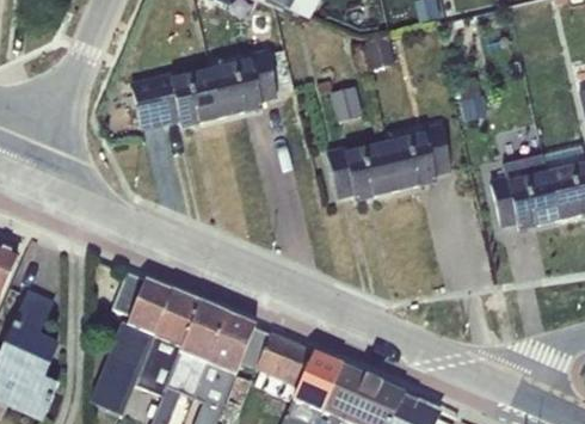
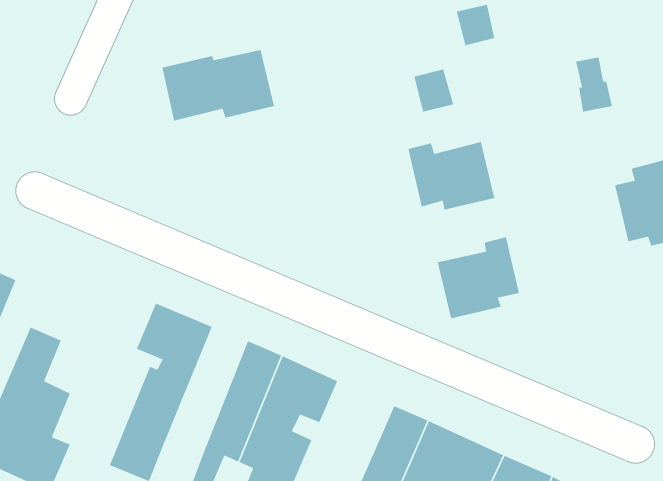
building: [210,51,277,116] -> none
building: [384,123,450,189] -> [437,236,520,319]
building: [134,290,199,394] -> none
building: [253,333,315,401] -> none

